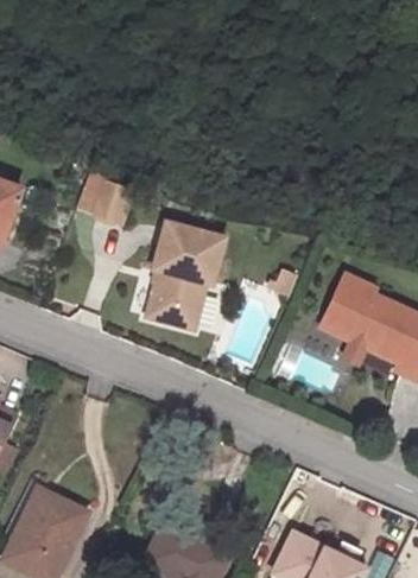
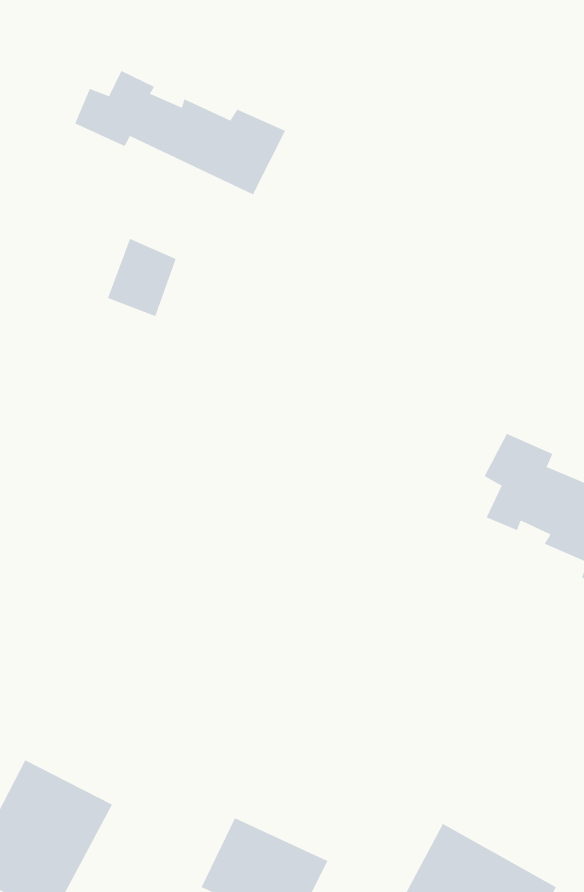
building: none -> [74,70,286,195]
building: [137,216,213,323] -> none

